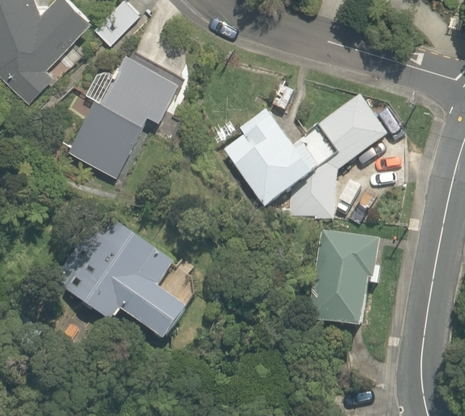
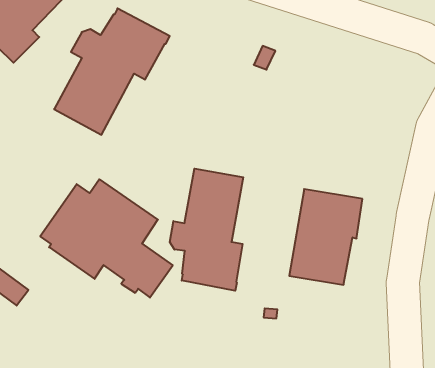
building: [224,96,386,221] -> none
building: none -> [170,169,243,291]

